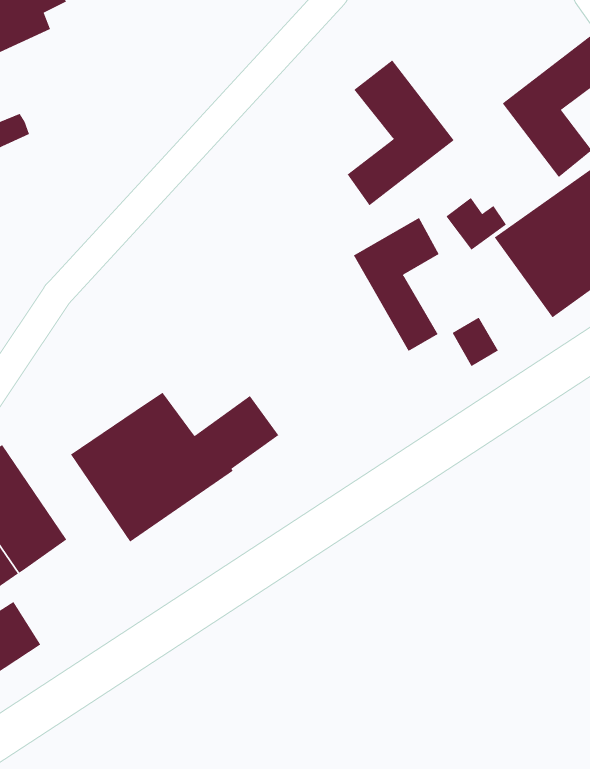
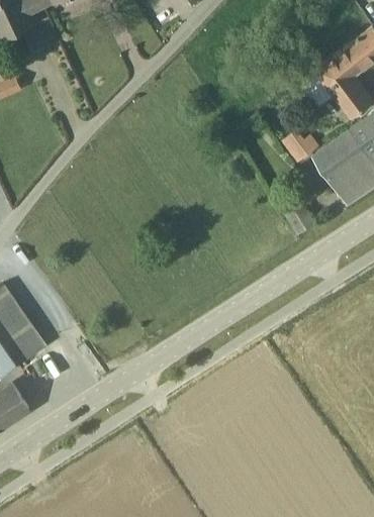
building: [347,60,454,206] -> none
building: [353,217,439,352] -> none
building: [70,392,279,542] -> none

